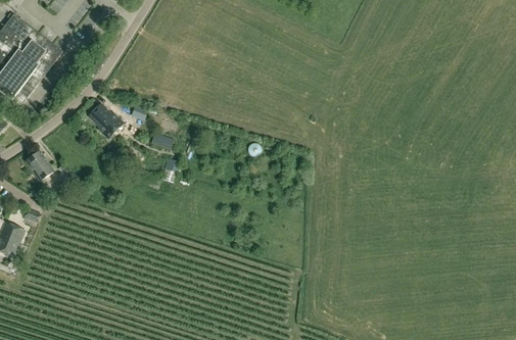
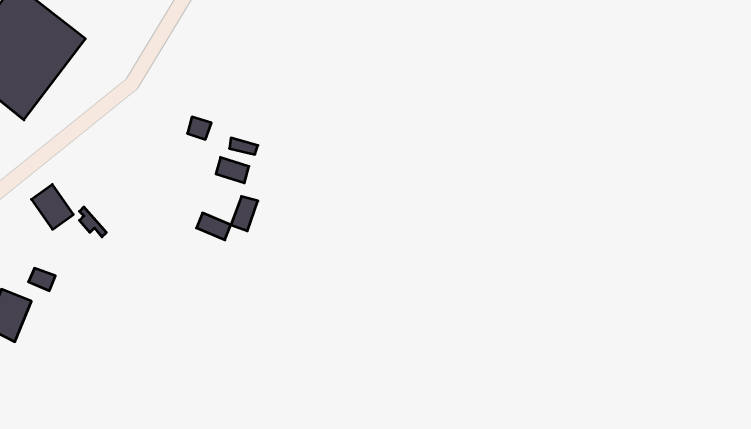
building: [88,103,123,138] -> none

